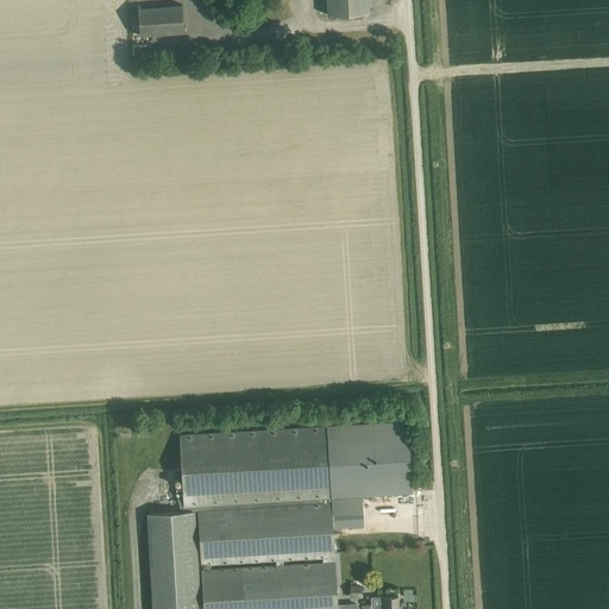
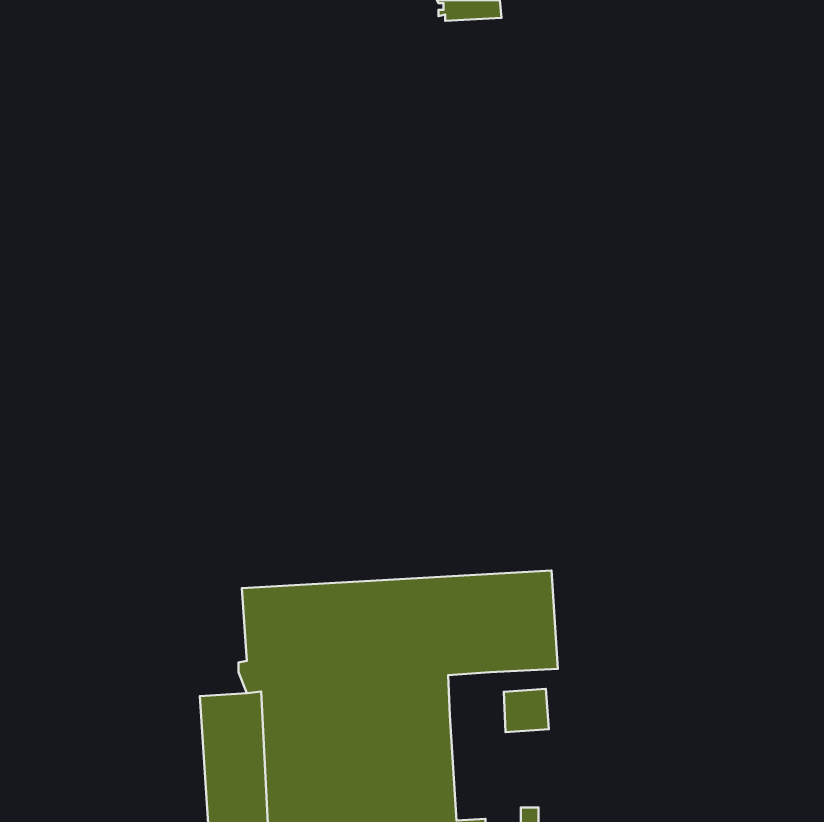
building: [138,7,184,38] -> none
building: [331,497,364,529] -> [504,689,549,732]

